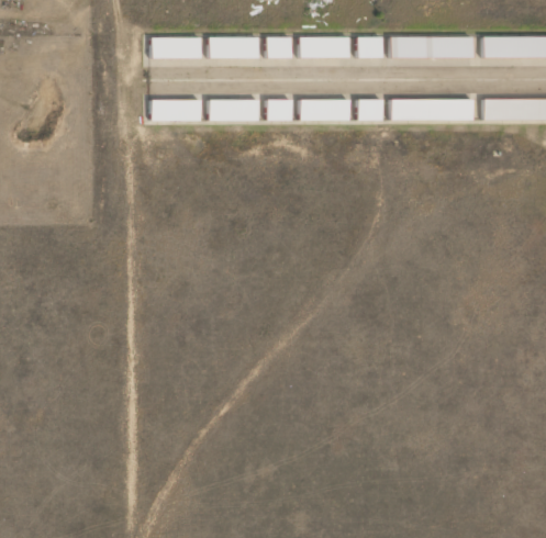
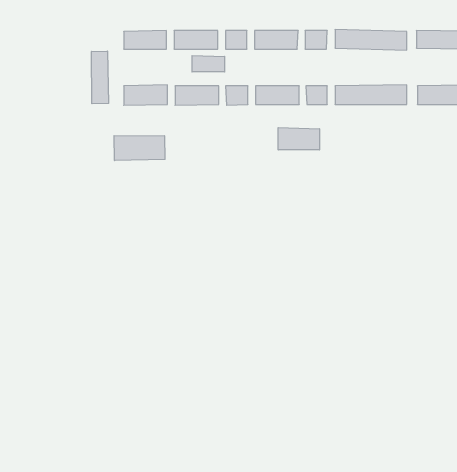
building: none -> [92,51,109,104]
building: none -> [192,56,225,72]
building: none -> [278,128,319,150]
building: none -> [114,136,165,161]

